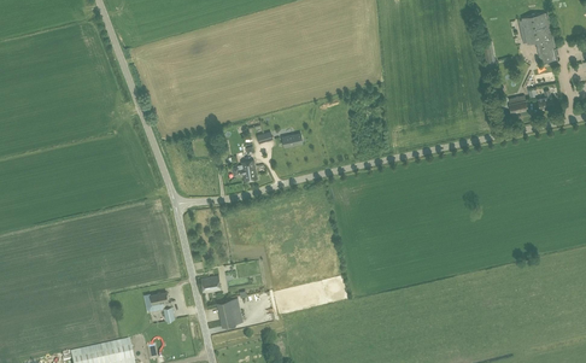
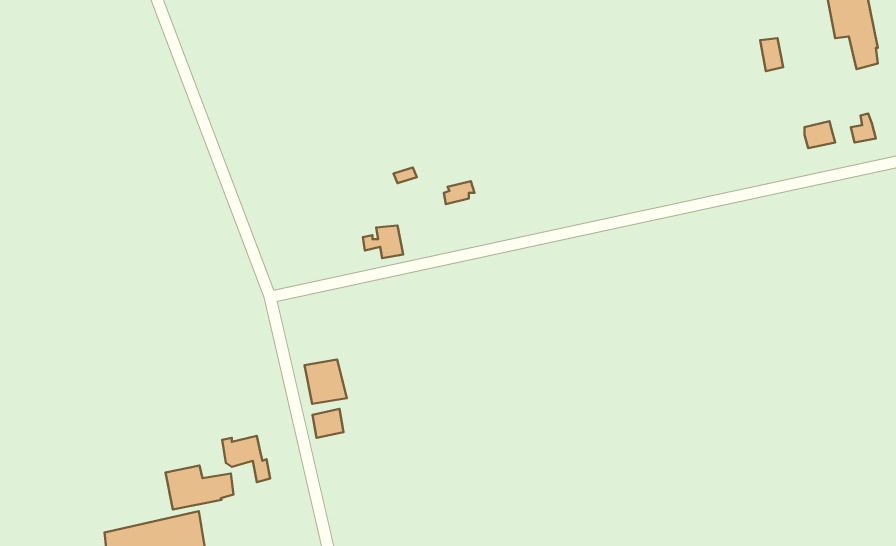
building: [216,298,242,326] -> [305,359,347,404]
building: none -> [165,465,234,510]

